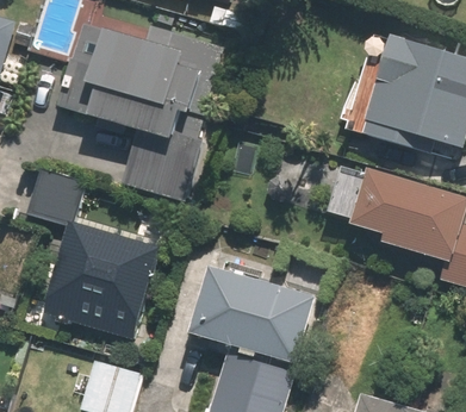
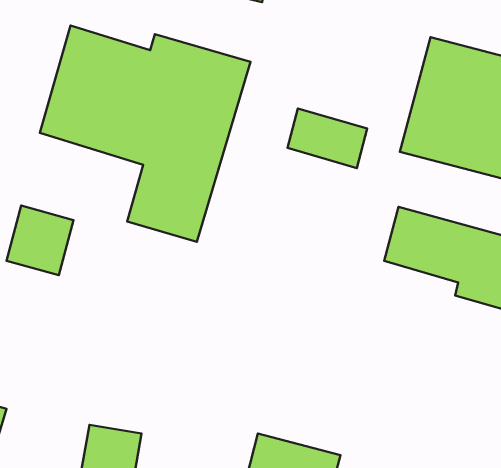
building: none -> [287,108,367,168]
building: [42,220,154,343] -> none
building: [198,266,323,363] -> none

